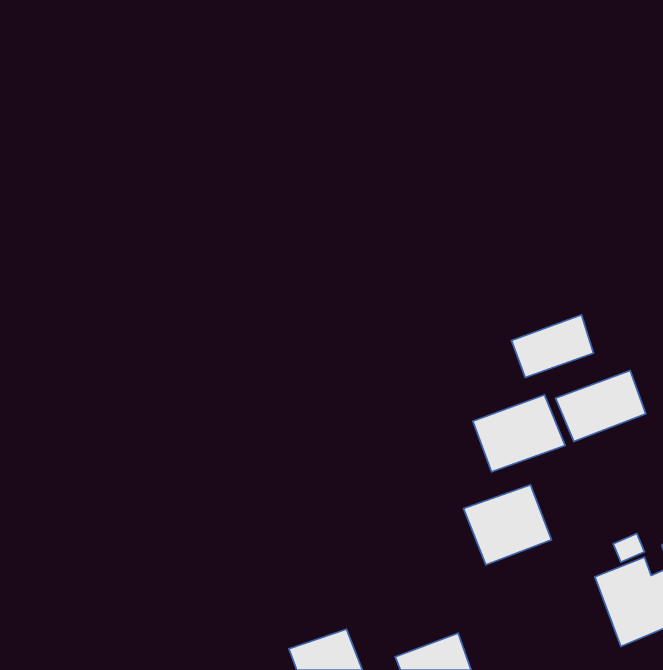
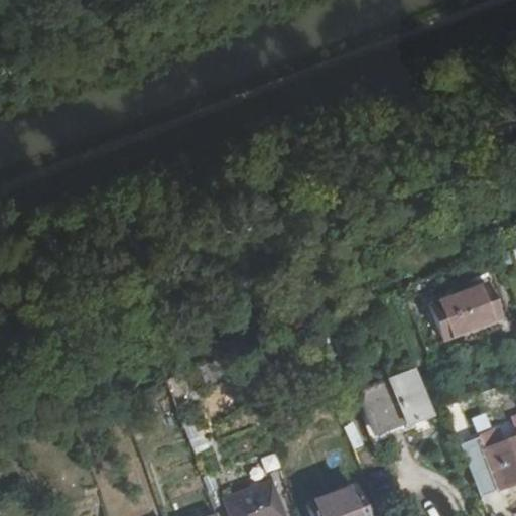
building: [512,315,593,377] -> none
building: [473,395,565,472] -> none

